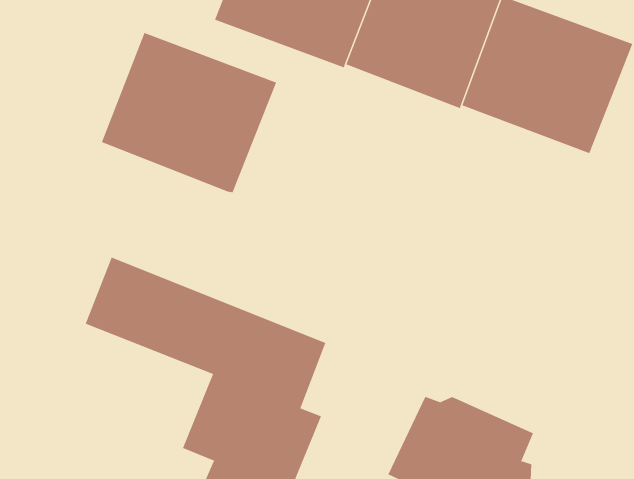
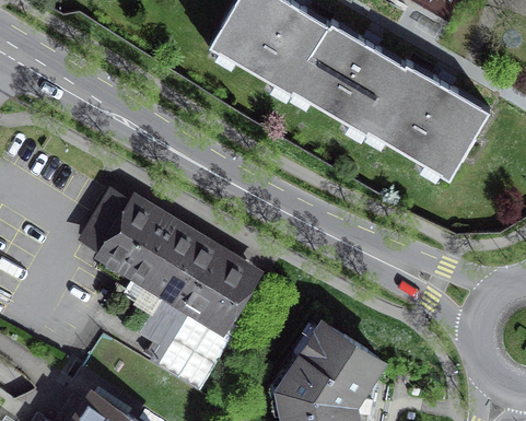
building: [101,32,277,193] -> none

